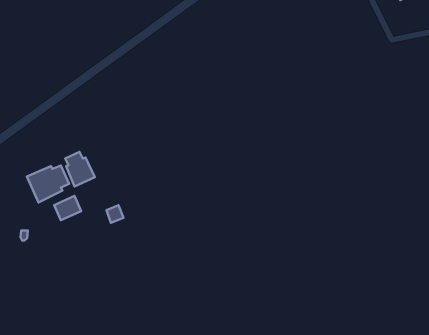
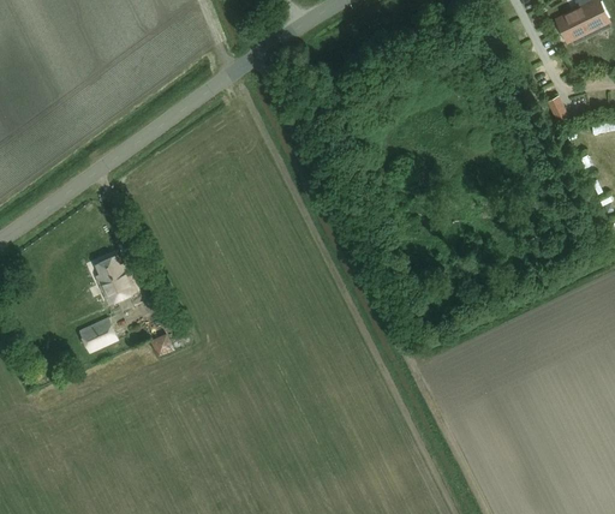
building: [27,165,69,202] -> none

